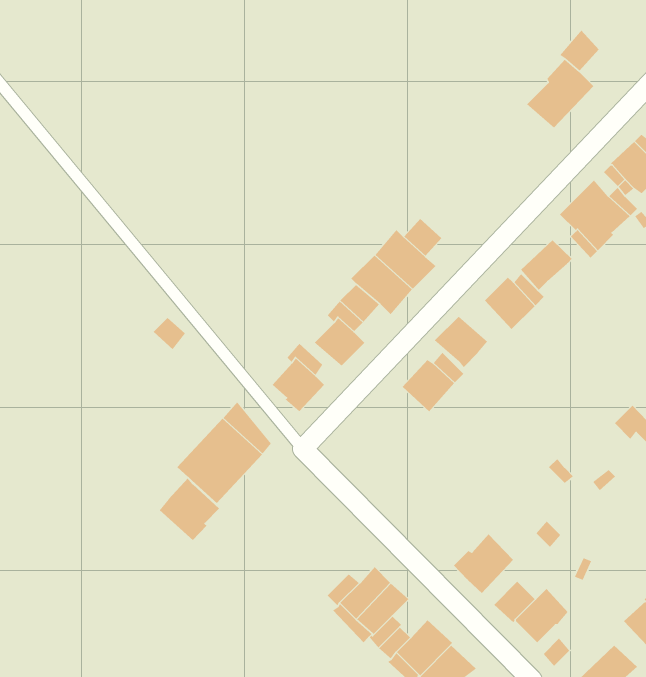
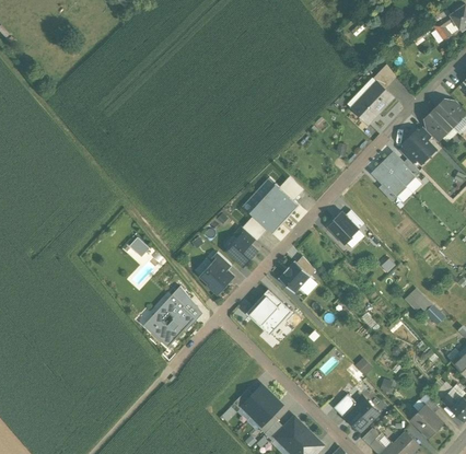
building: [520,240,573,291] -> none
building: [434,316,488,368] -> none
building: none -> [247,290,291,336]
building: [159,478,220,541] -> none
building: [453,534,514,594] -> none

